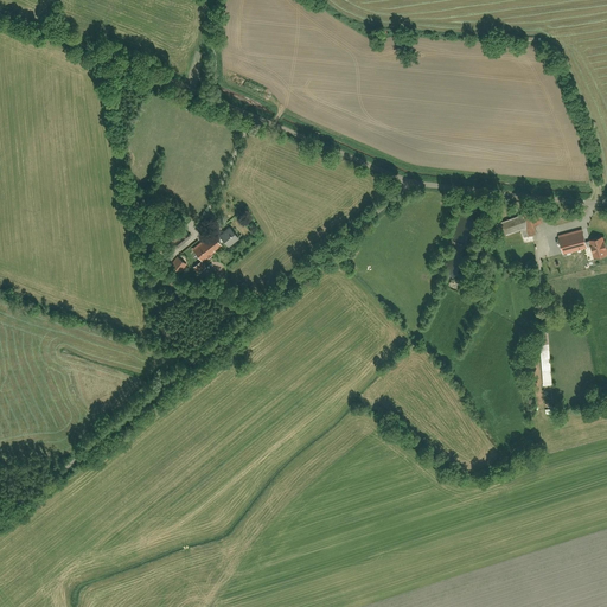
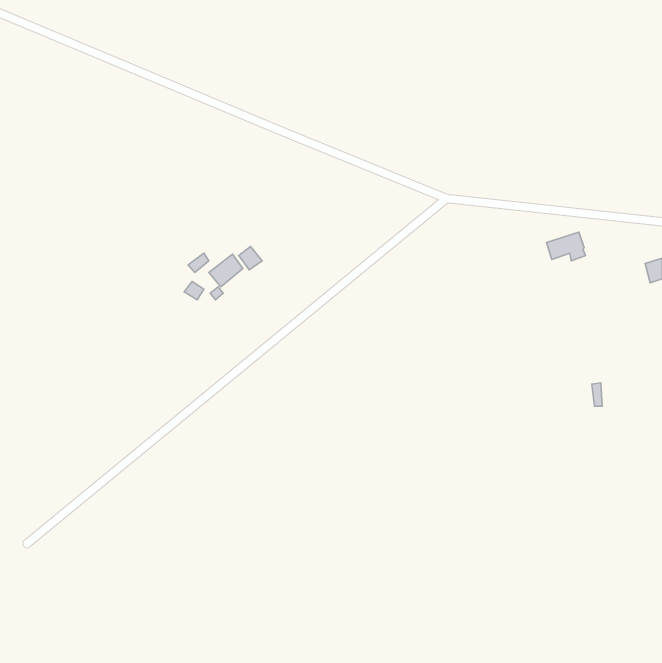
building: [555,229,589,256] -> none

